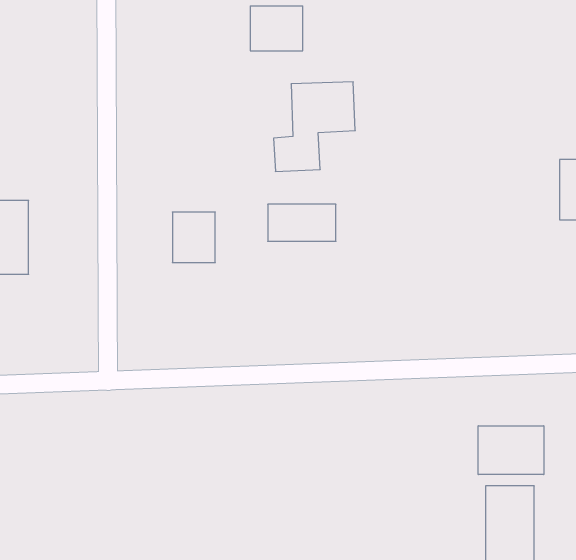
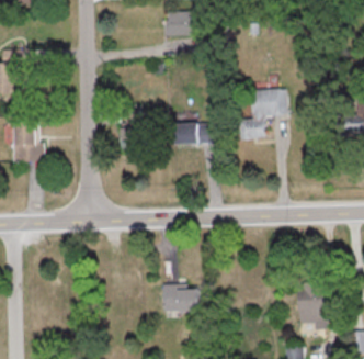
building: [274,82,355,171] -> [239,90,285,141]
building: [478,426,544,475] -> none
building: none -> [161,285,200,312]

